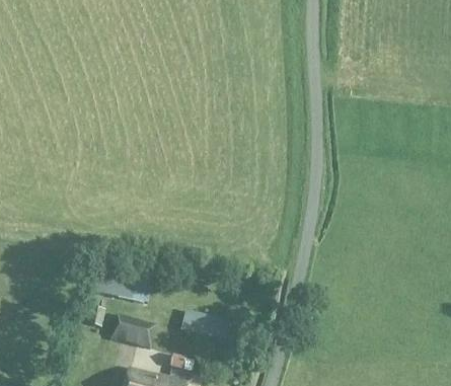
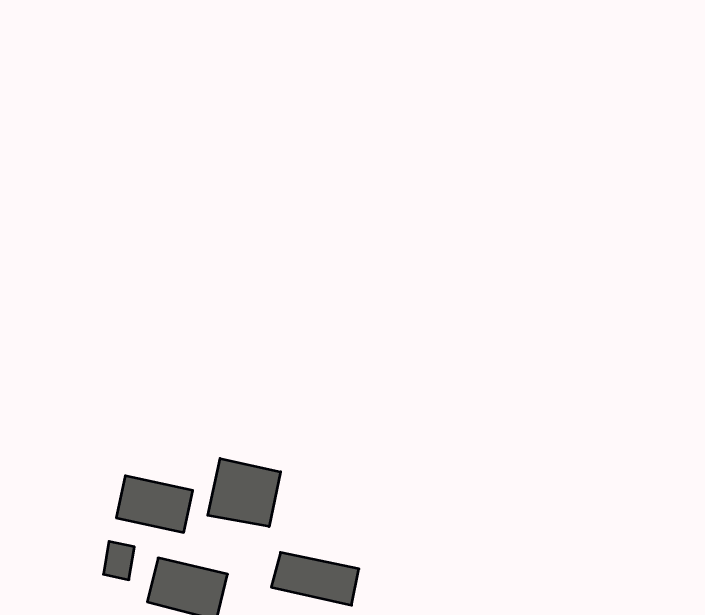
building: none -> [208,458,281,527]

